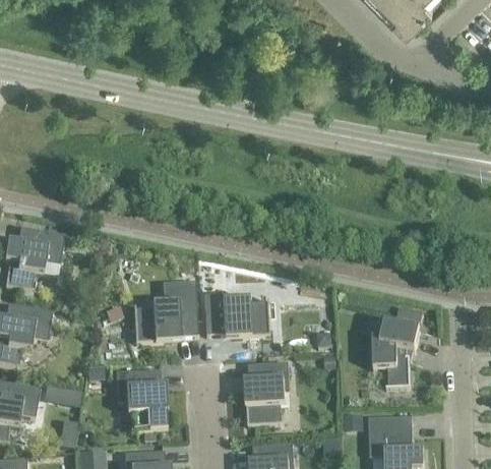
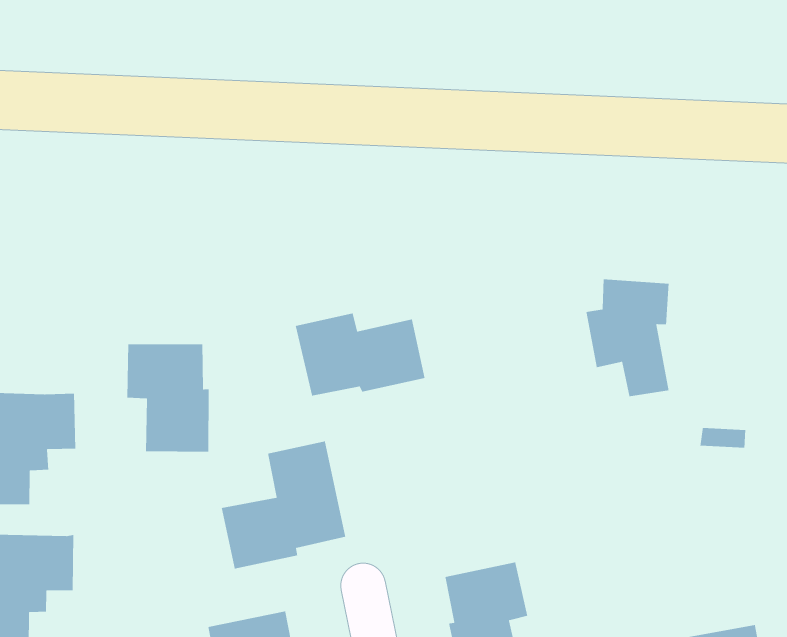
building: none -> [127,343,210,452]
building: [202,292,268,336] -> [295,313,426,396]
building: [371,320,419,387] -> [585,279,670,397]

